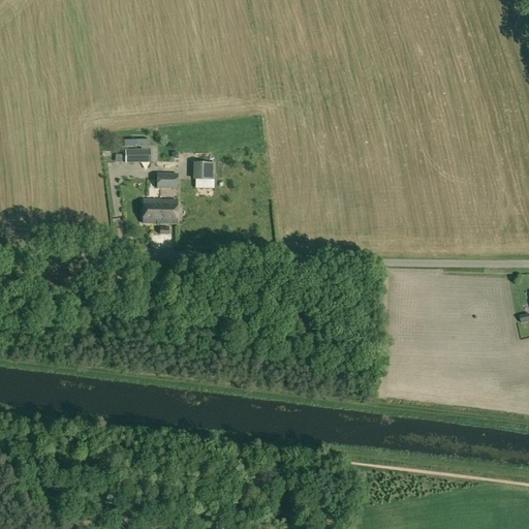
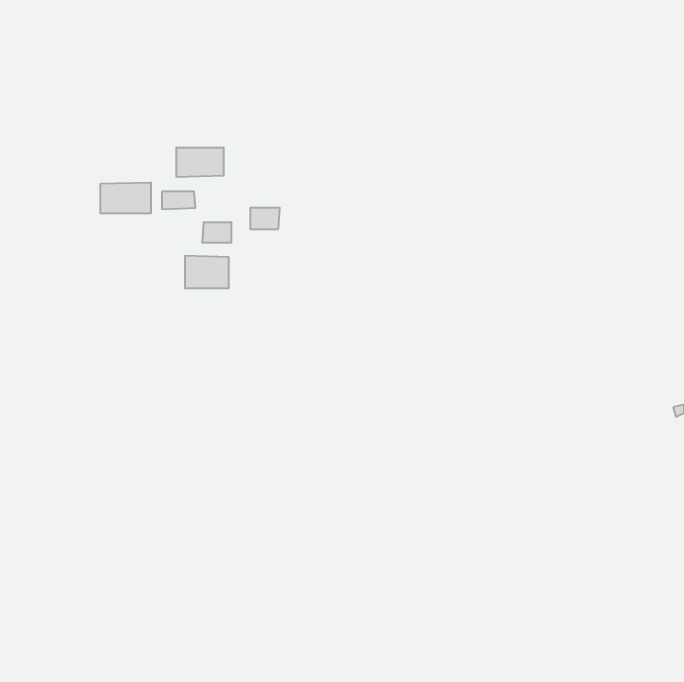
building: none -> [177,147,223,177]
building: none -> [101,182,151,213]

